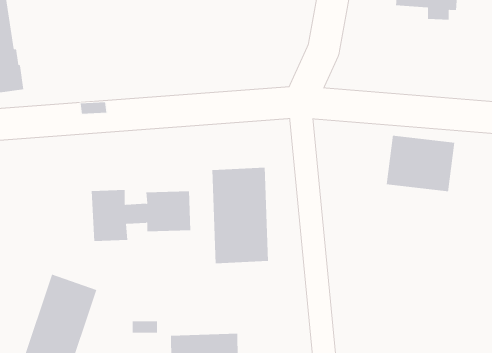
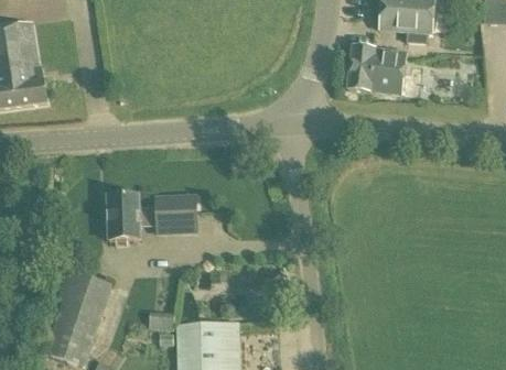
building: [386,135,455,192] -> [346,44,408,95]
building: [212,167,268,264] -> none

